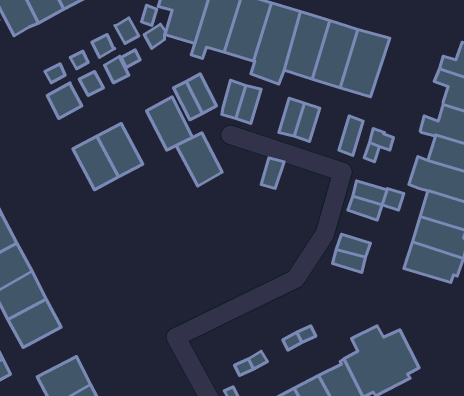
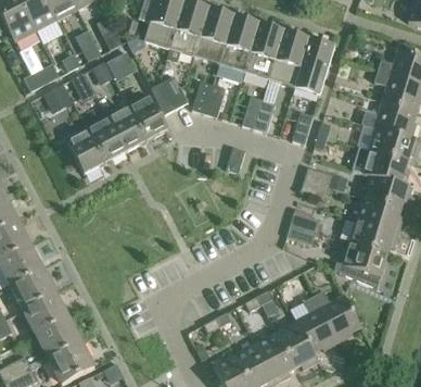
building: [176,133,222,186] -> [106,105,145,151]
building: none -> [334,240,390,289]
building: none -> [23,290,68,333]

